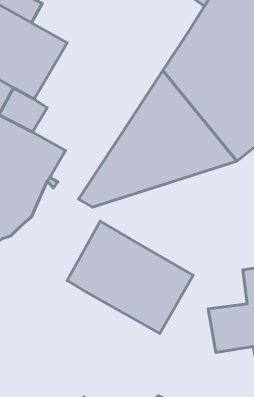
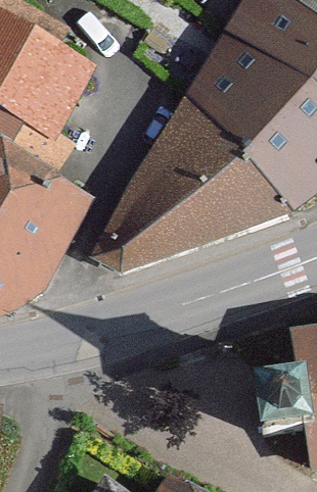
building: [67,221,193,334] -> none

